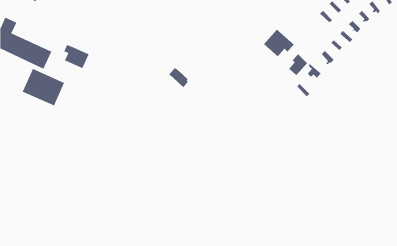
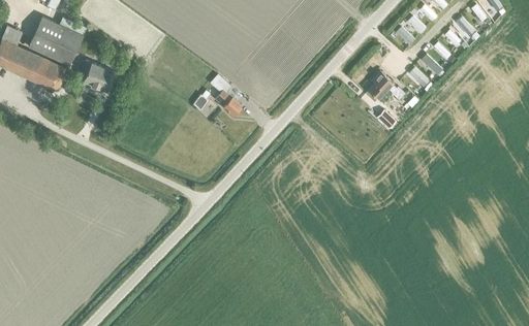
building: [263,29,294,57] -> none
building: [22,68,65,106] -> [28,17,83,65]

